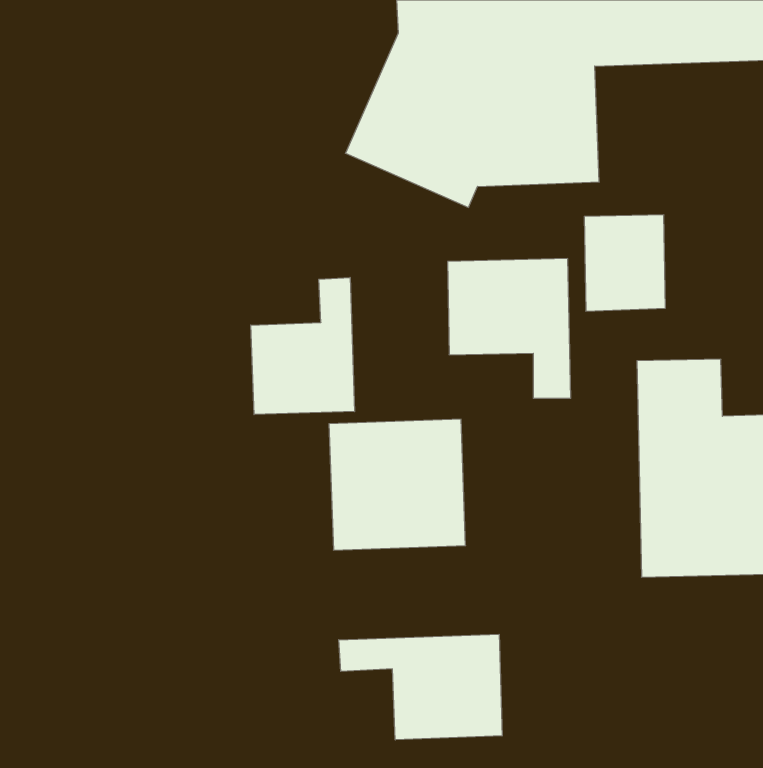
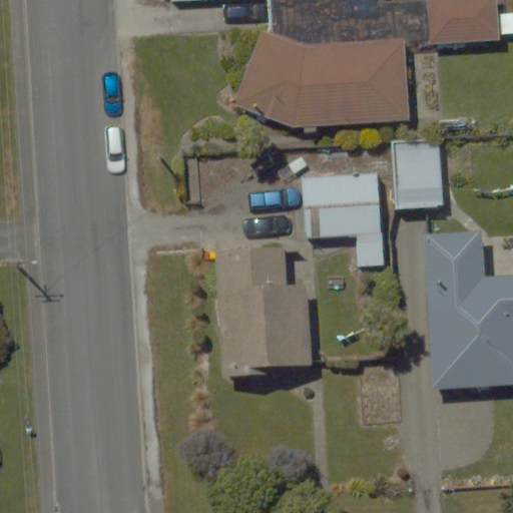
building: [251,277,355,415] -> none
building: [339,634,502,740] -> none

